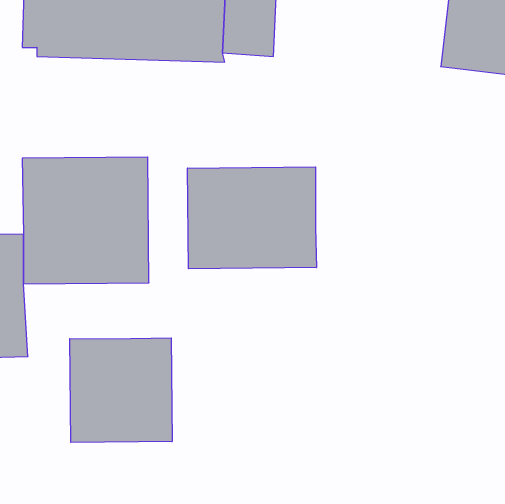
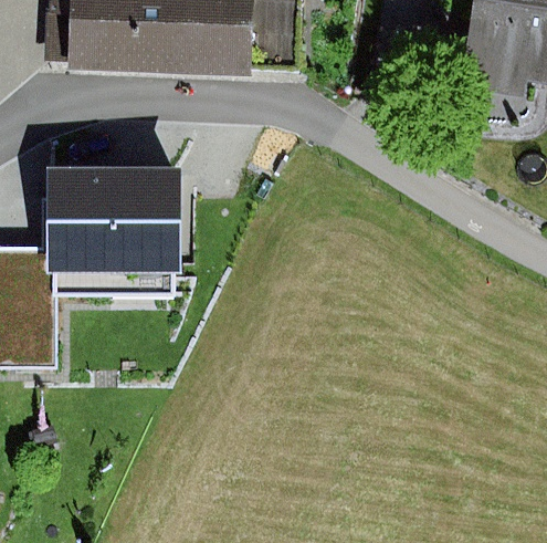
building: [188,167,316,269] -> none
building: [70,338,172,442] -> none

